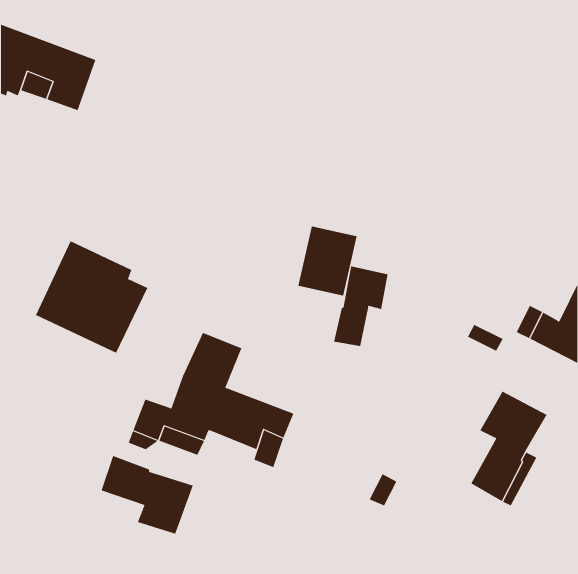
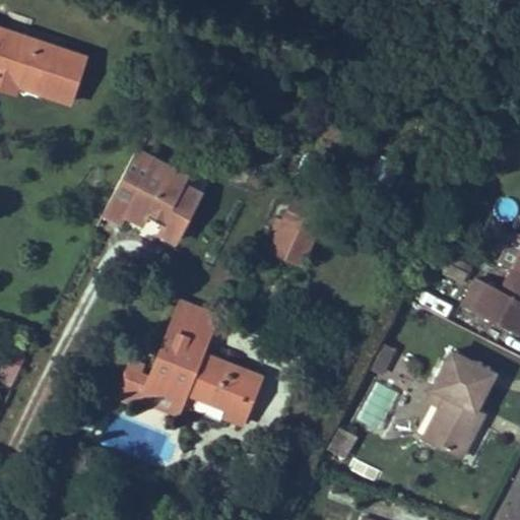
building: [35,240,148,353] -> [104,151,205,253]
building: [333,266,388,347] -> none
building: [101,455,193,534] -> none

